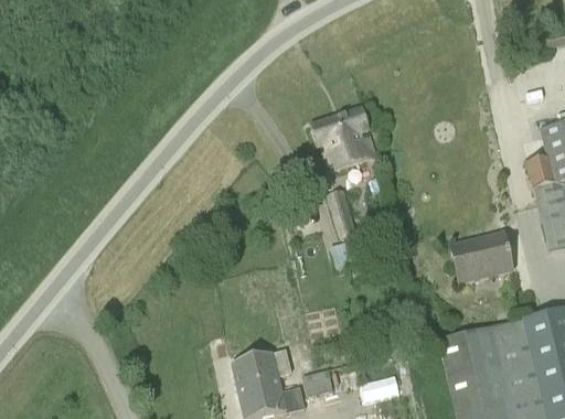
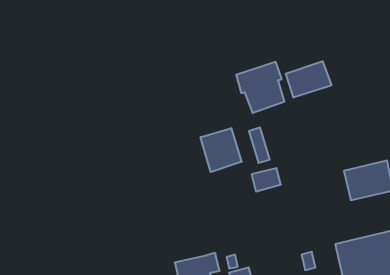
building: none -> [286,61,331,98]
building: none -> [201,128,242,172]

